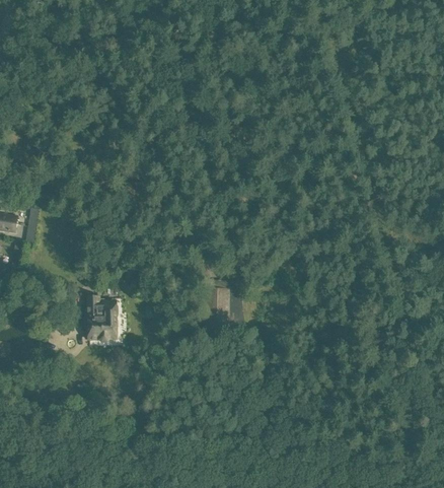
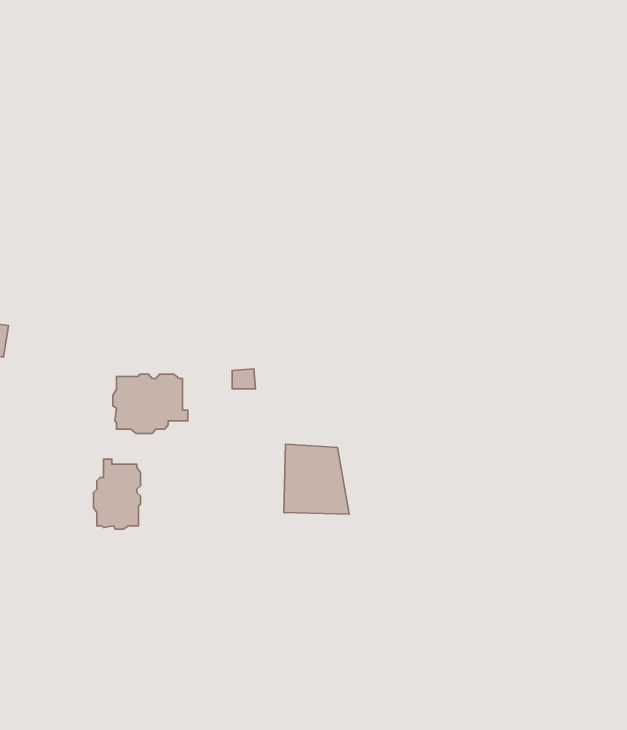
building: none -> [113,374,188,433]

